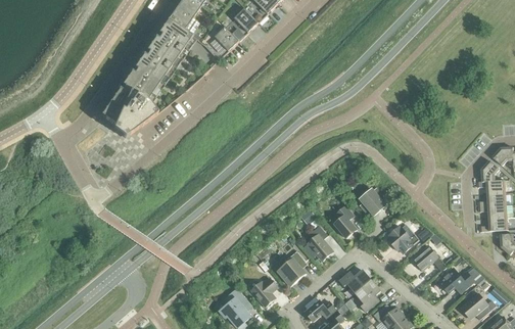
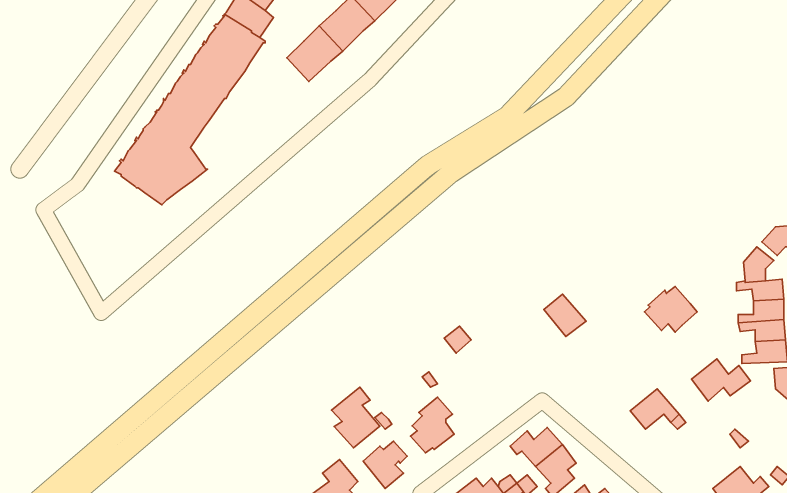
building: [333,205,356,238] -> none
building: [386,224,418,251] -> [645,287,697,332]
building: [305,225,332,261] -> none
building: none -> [331,387,380,448]
building: [437,268,473,293] -> [691,359,751,401]

